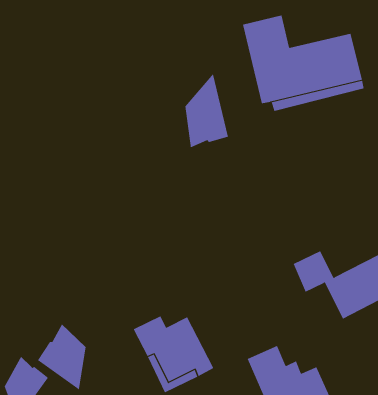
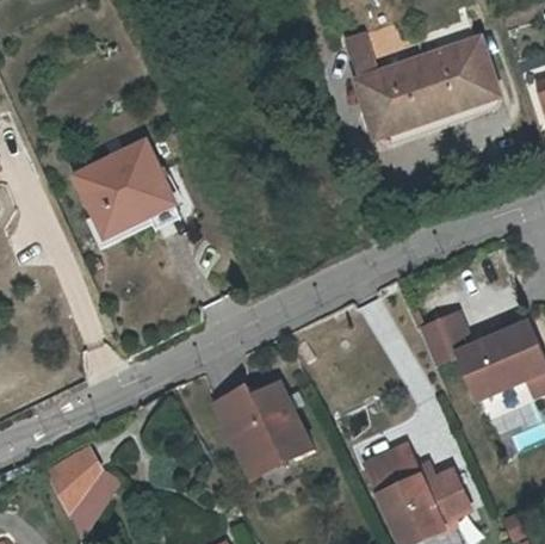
building: [185,73,229,148] -> none
building: none -> [83,135,174,224]
building: [37,323,86,391] -> none

